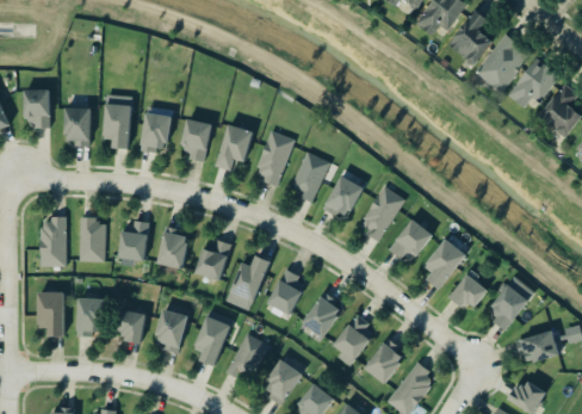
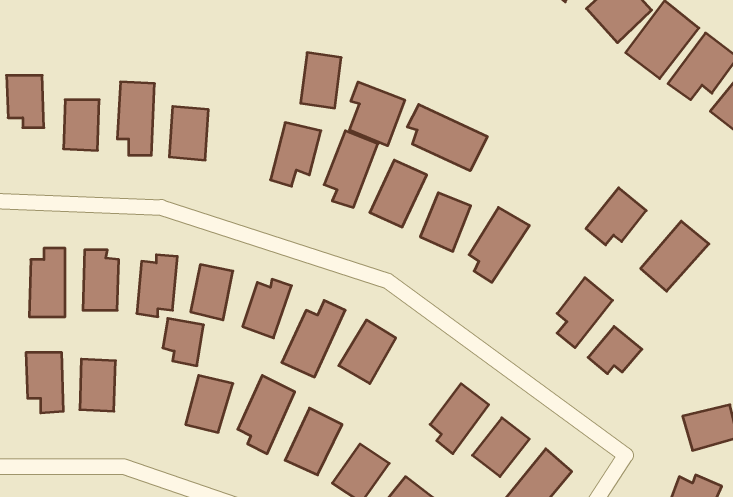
building: none -> [350,82,405,146]
building: none -> [407,104,487,171]
building: [181,119,211,160] -> [301,53,341,108]
building: [389,218,433,260] -> [586,188,646,245]
building: [485,277,535,328] -> [641,221,709,291]
building: [302,293,342,338] -> none
building: [116,309,146,344] -> [163,318,204,366]

